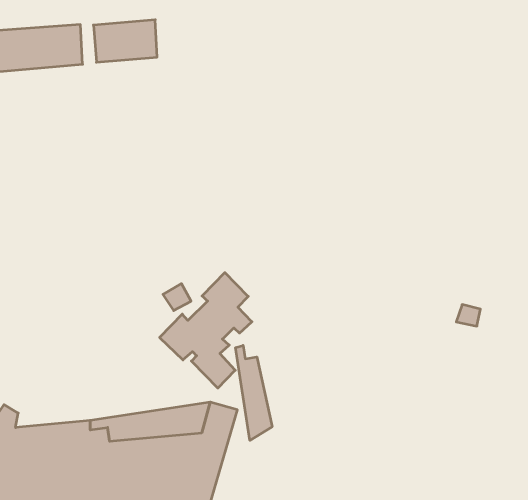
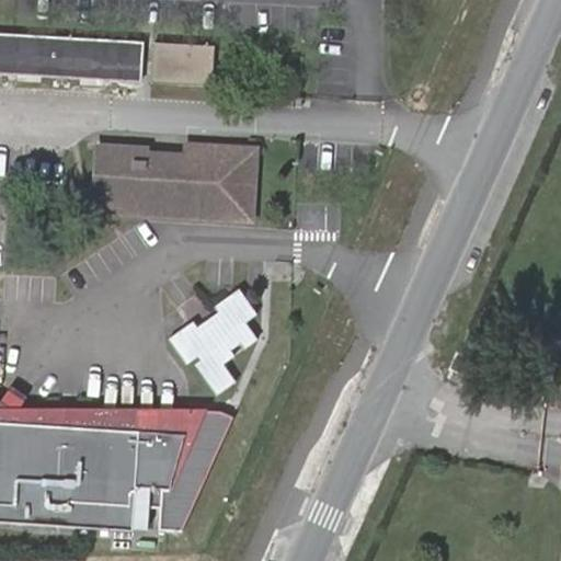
building: none -> [92,144,255,217]
building: [236,345,272,440] -> none

